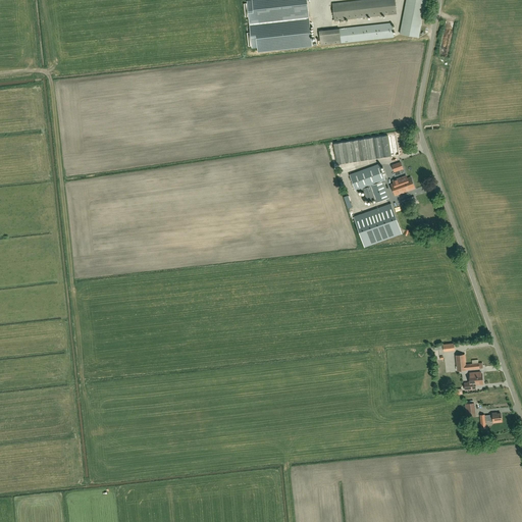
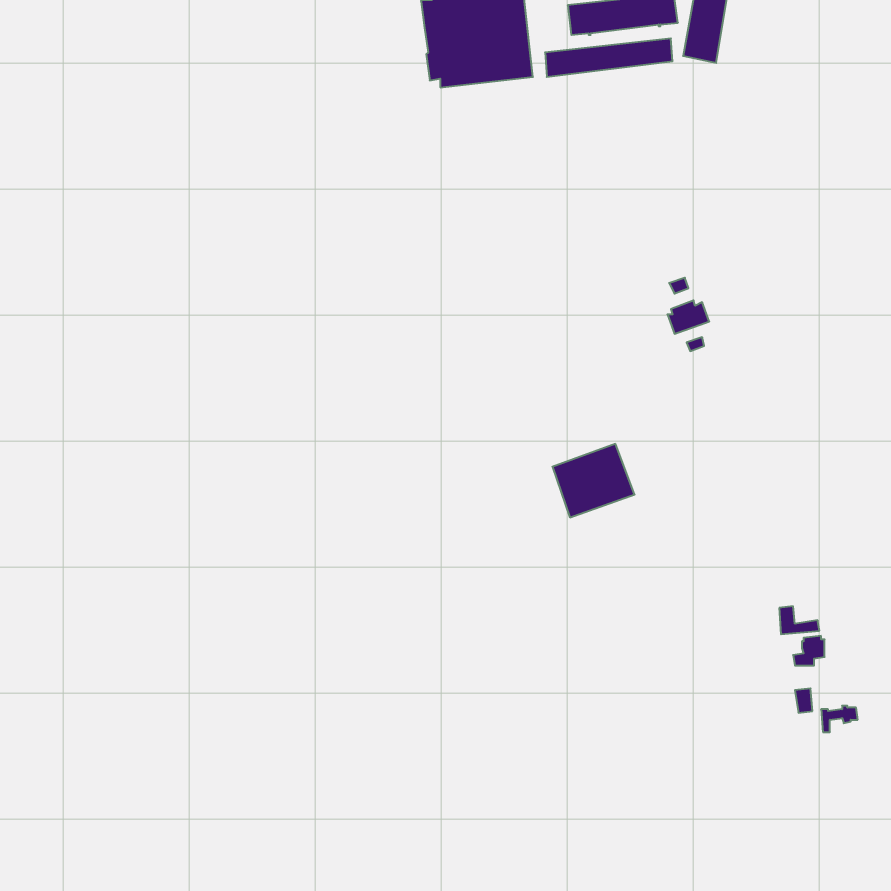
building: [332,135,390,164] -> none
building: [349,163,387,202] -> none
building: [353,203,401,246] -> [552,444,635,517]

